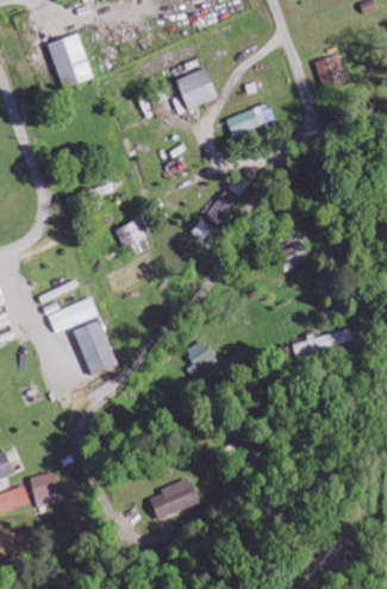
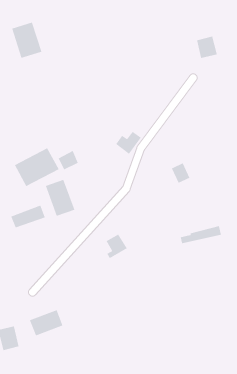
building: [177,69,217,108] -> none
building: [226,104,274,136] -> none
building: none -> [14,147,60,187]
building: [73,320,117,375] -> [45,179,75,217]
building: [148,480,198,519] -> [29,309,64,336]

